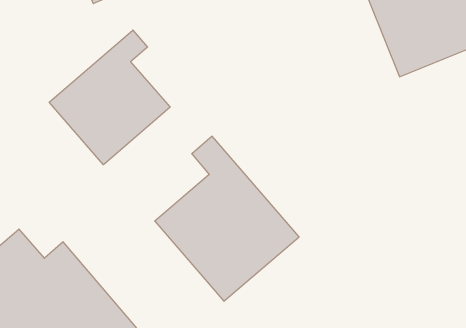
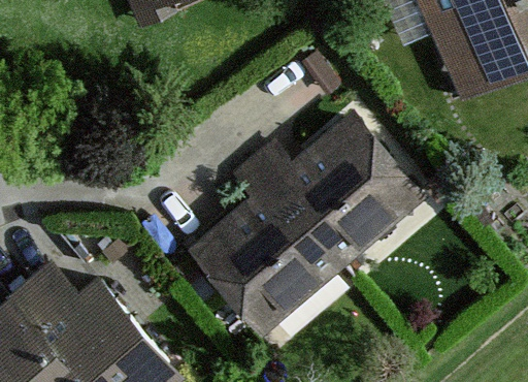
building: [49,30,170,165] -> none
building: none -> [257,115,426,269]

